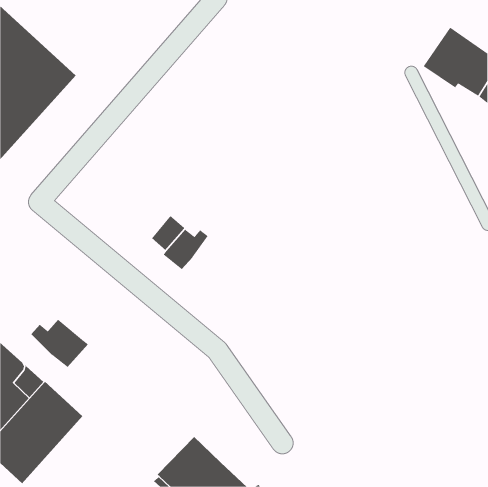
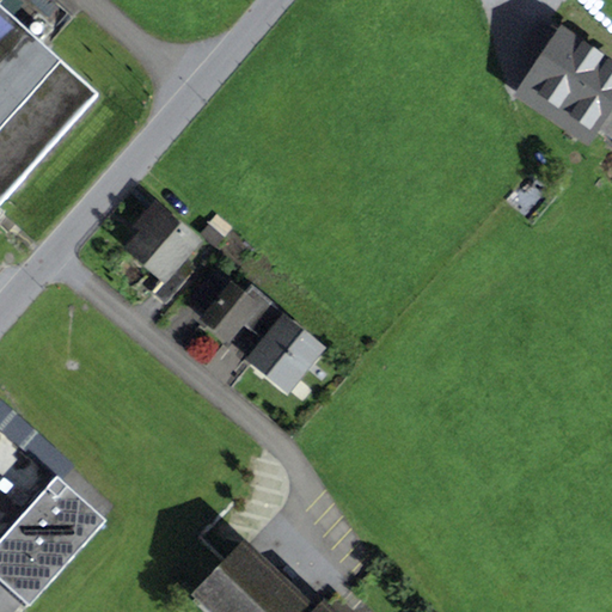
building: none -> [130,206,194,302]
building: none -> [241,295,317,386]
building: [30,319,89,368] -> none

